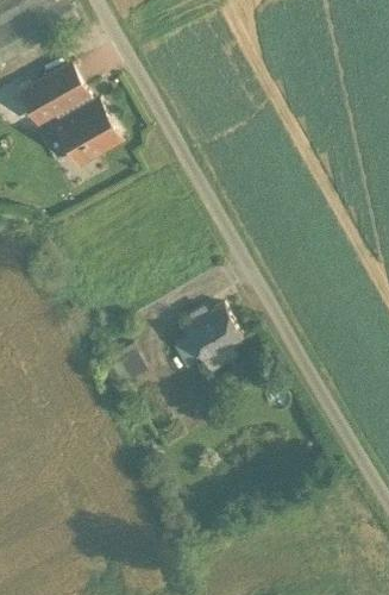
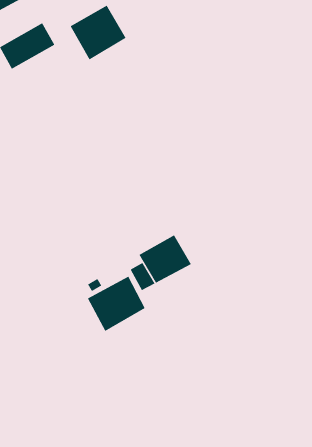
building: [56,100,119,162] -> [70,5,126,60]
building: none -> [87,276,145,332]

